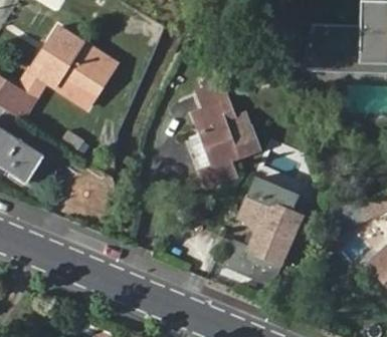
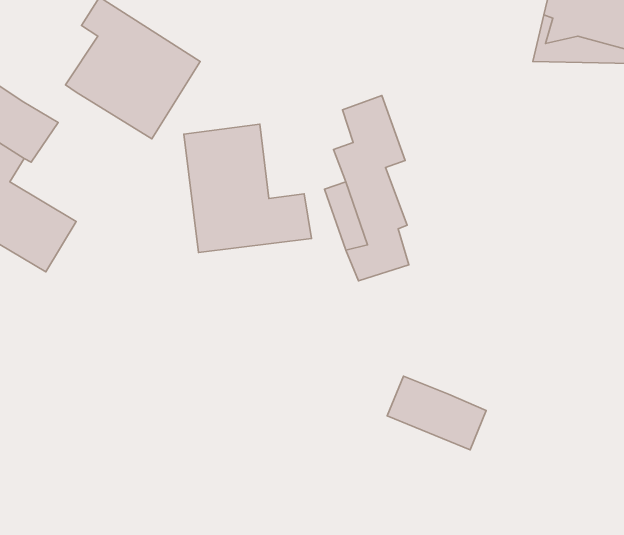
building: [19,47,61,101] -> none
building: none -> [184,124,312,253]
building: [222,118,256,158] -> none
building: [237,179,289,262] -> none

